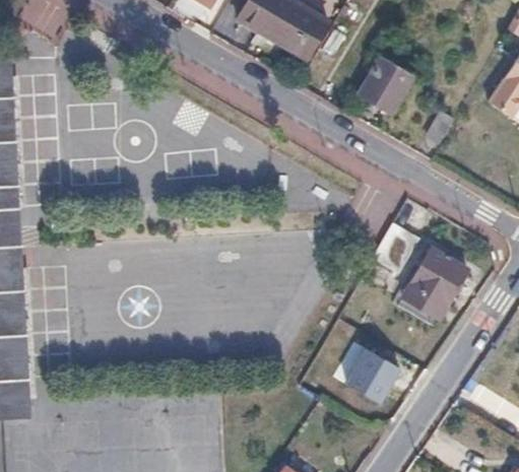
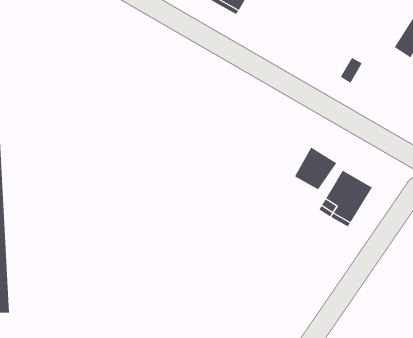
building: [356,56,412,113] -> none
building: [346,348,400,402] -> none

